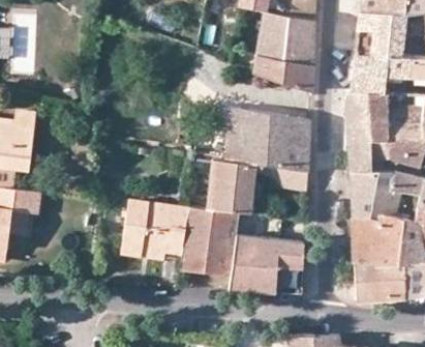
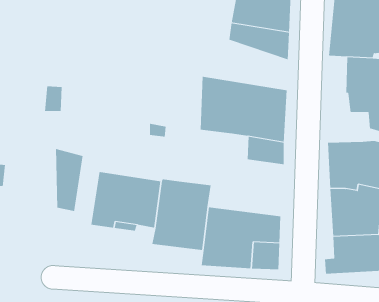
building: [343,88,390,172] -> none
building: [207,161,257,214] -> none
building: none -> [55,148,83,212]

